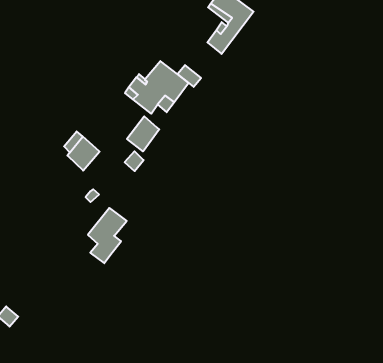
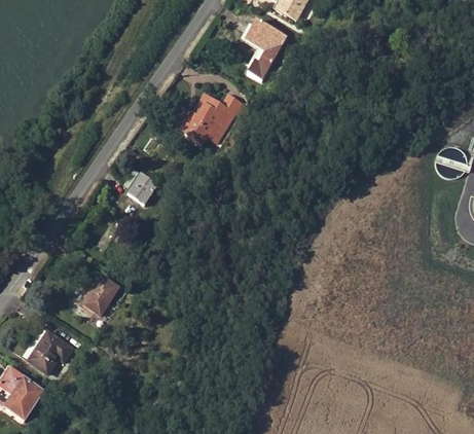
building: [127,116,159,151] -> none
building: [88,208,127,263] -> [84,277,119,329]

